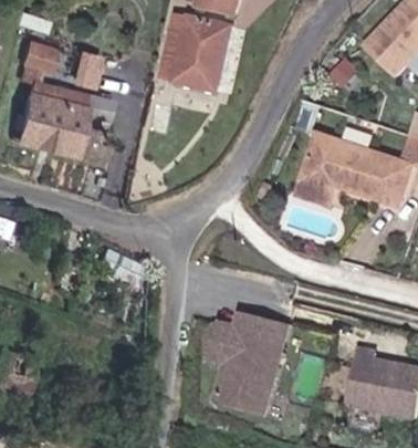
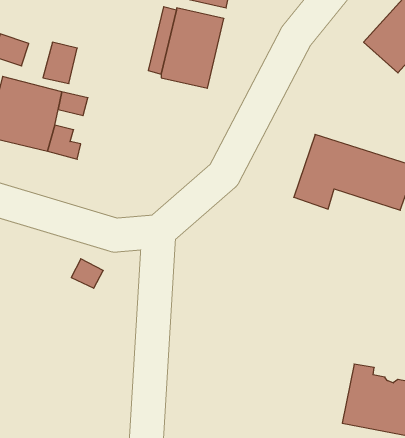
building: [205,312,283,413] -> none

